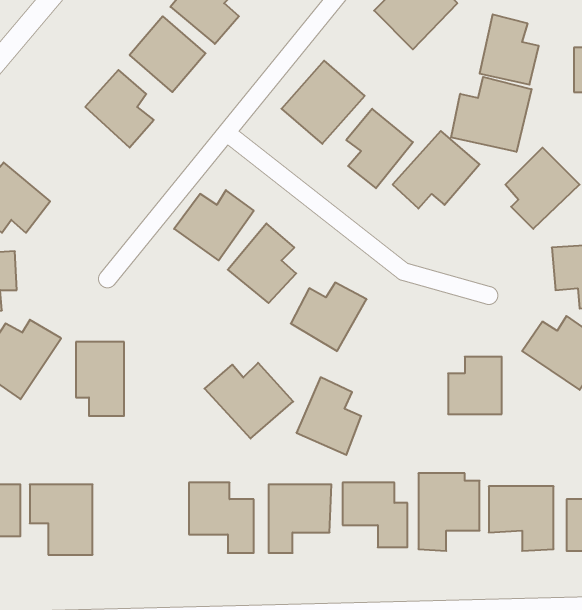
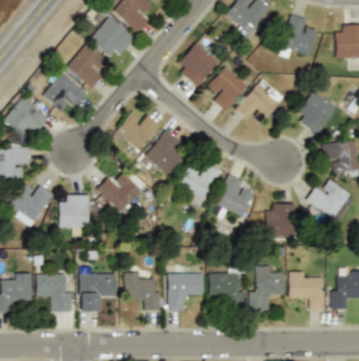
building: [451,77,532,152] -> none
building: none -> [43,72,86,110]
building: [204,363,293,439] -> [98,173,146,215]
building: [296,377,361,455] -> [216,174,251,217]
building: none -> [79,274,116,312]

